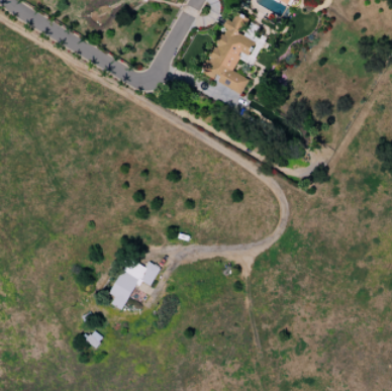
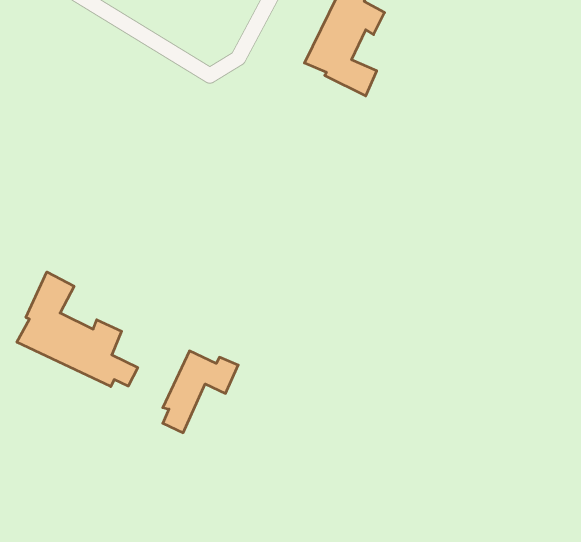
building: none -> [17,272,138,387]

